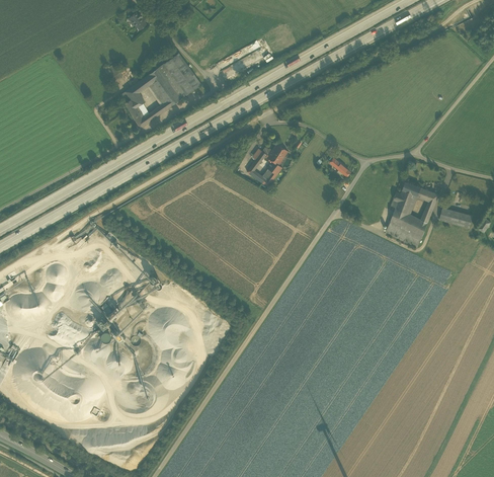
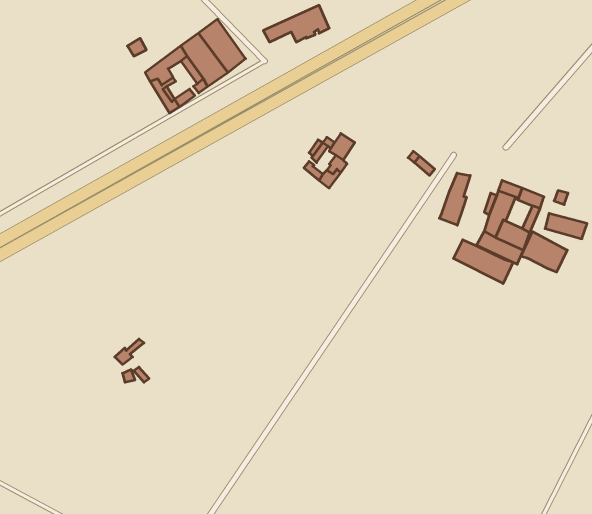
building: none -> [439,173,470,225]
building: none -> [521,232,567,272]
building: none -> [453,240,513,284]

